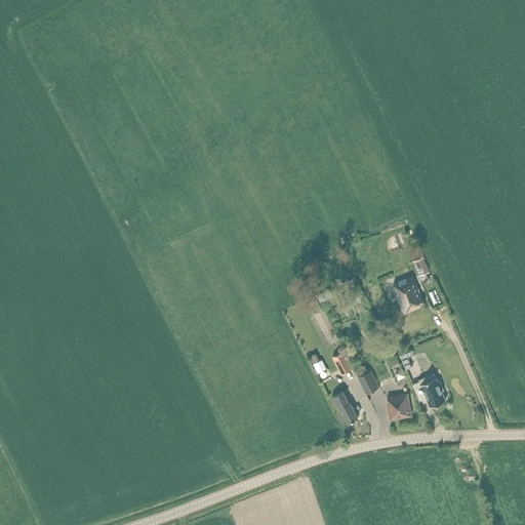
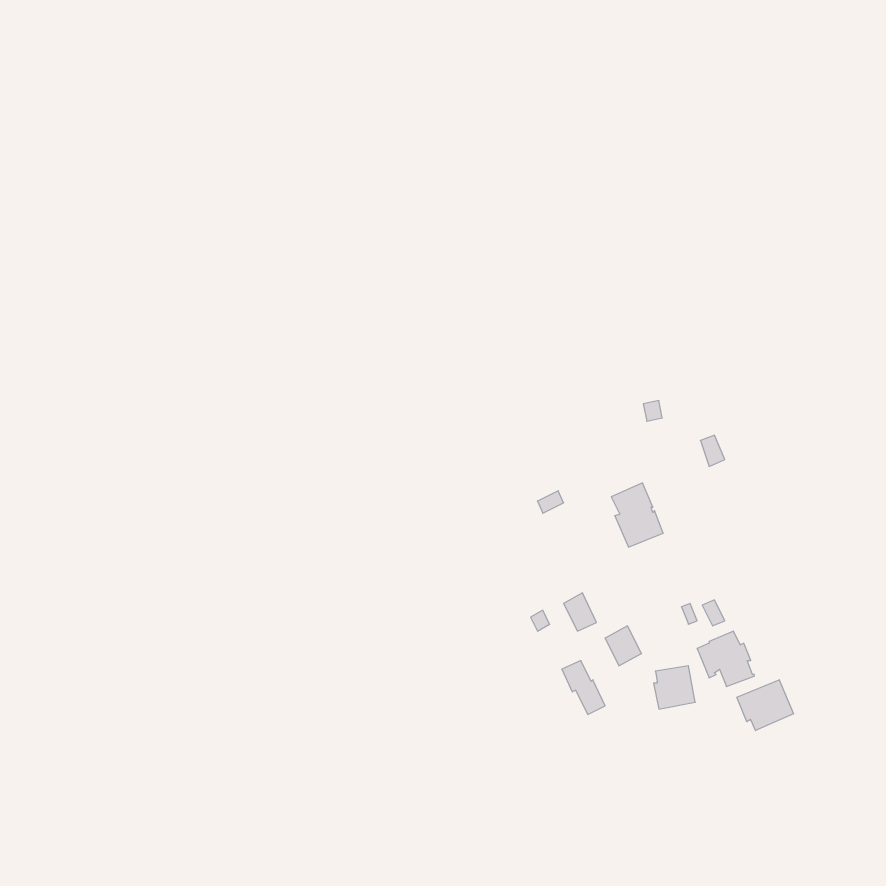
building: [394,275,425,313] -> [611,483,663,547]
building: none -> [737,680,793,731]

